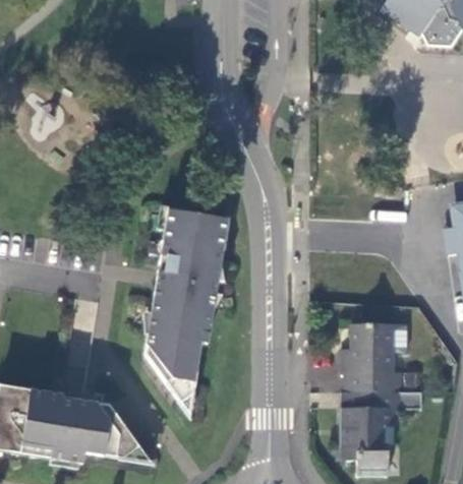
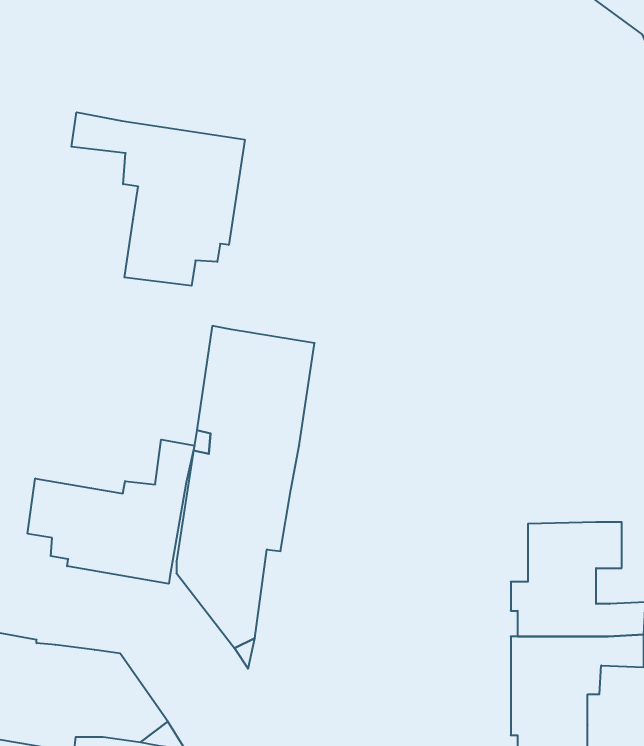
building: none -> [71,112,245,286]
building: none -> [28,440,194,584]

